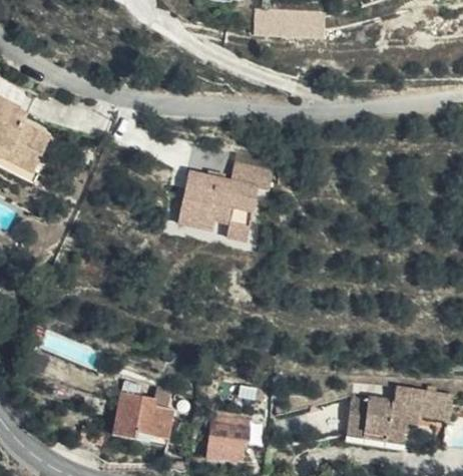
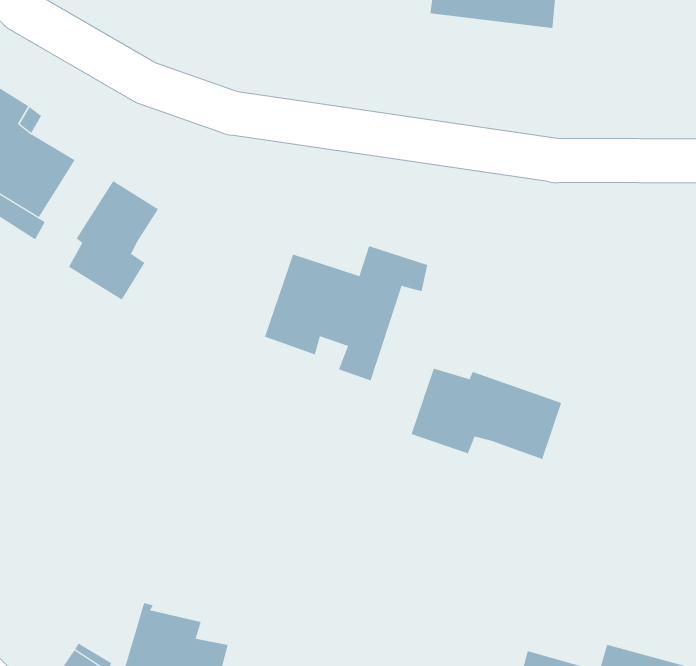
building: none -> [68,180,159,300]
building: none -> [411,368,562,460]

